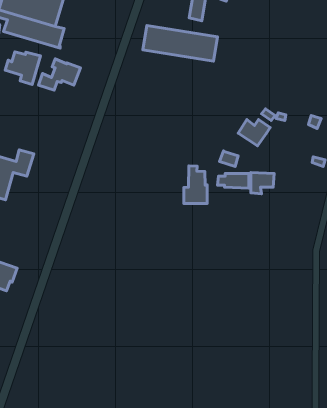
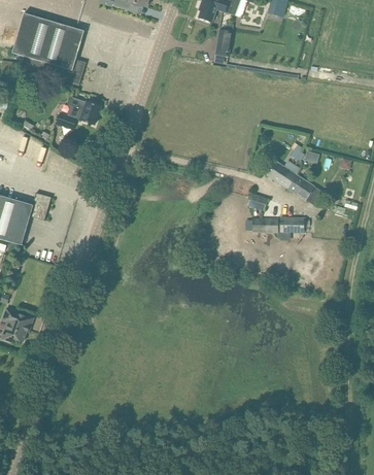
building: [143,26,218,61] -> none
building: [5,52,40,85] -> none
building: none -> [287,174,320,203]
building: [184,166,207,204] -> none

